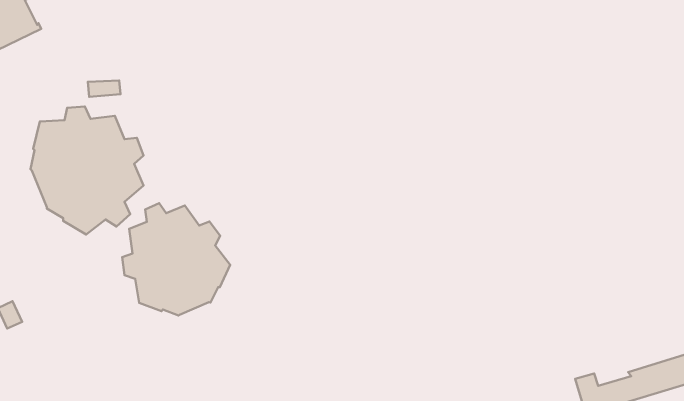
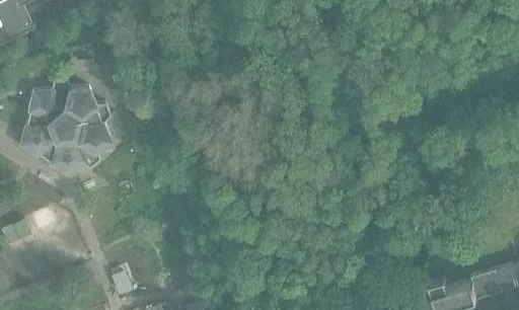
building: [122,203,230,316] -> none

